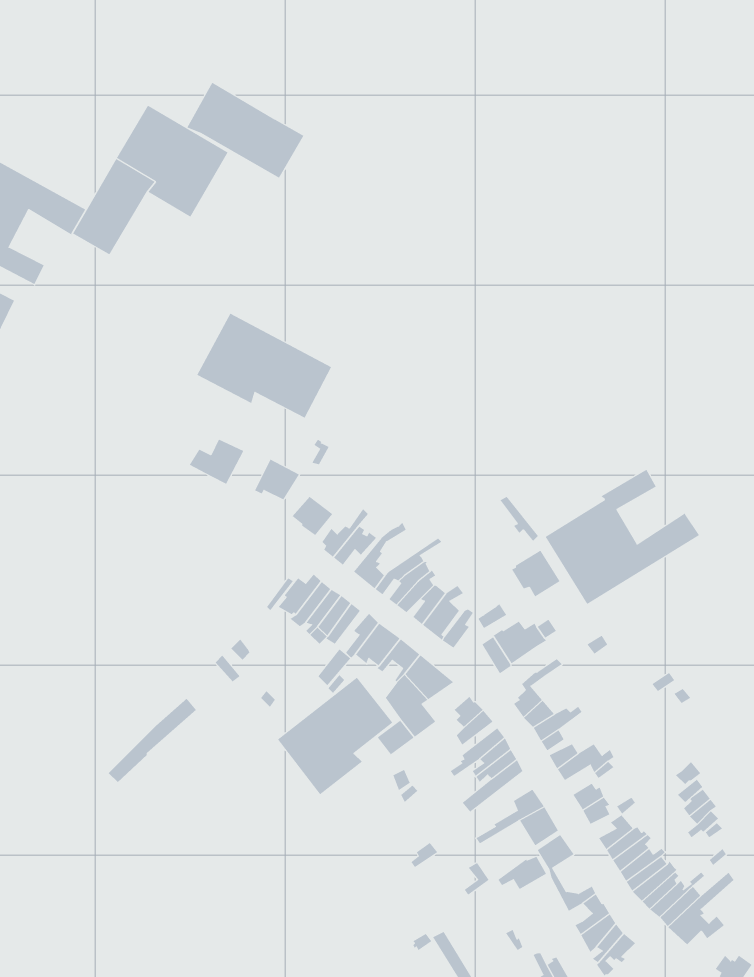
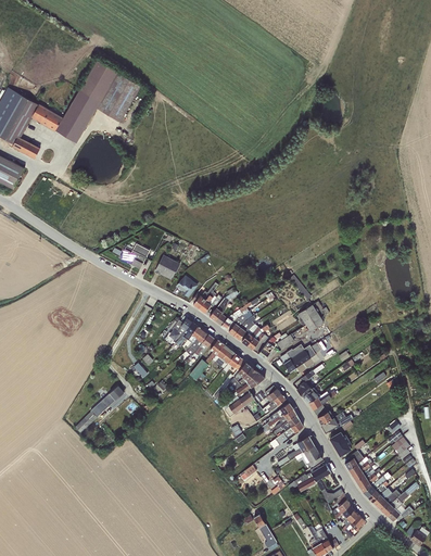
building: [186,82,304,178] -> none
building: [197,313,332,418] -> none
building: [545,469,700,605] -> none
building: [277,677,393,795] -> none

